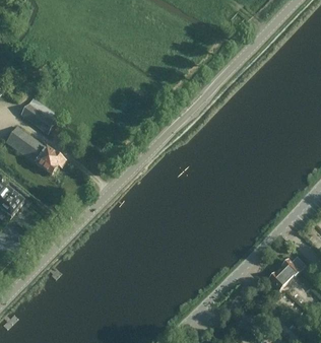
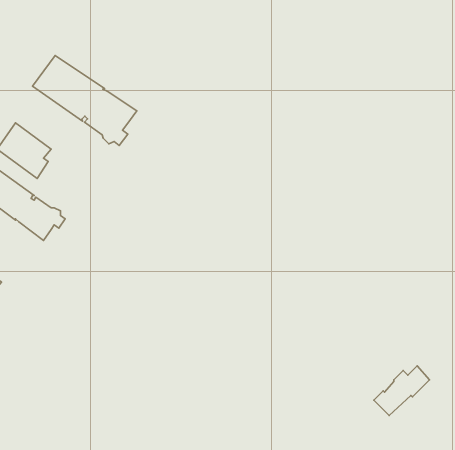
building: none -> [33,55,137,145]

